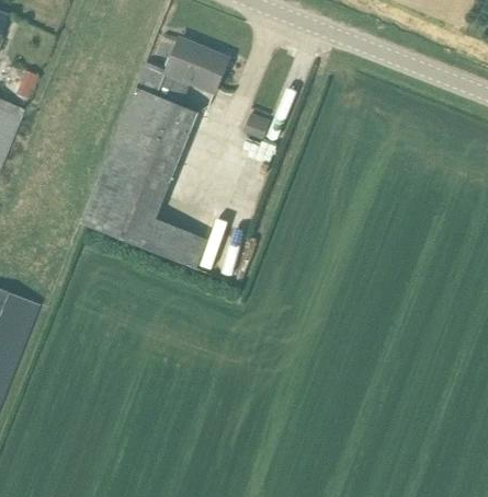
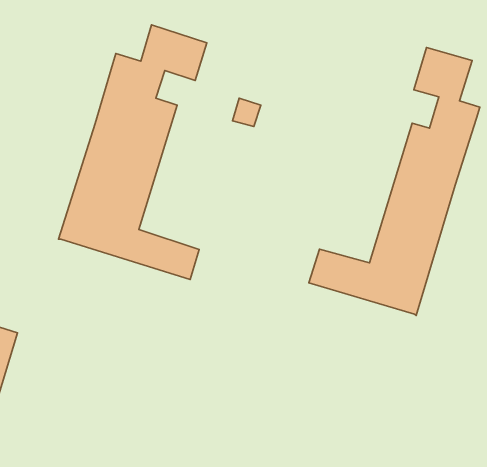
building: none -> [309,48,480,316]

